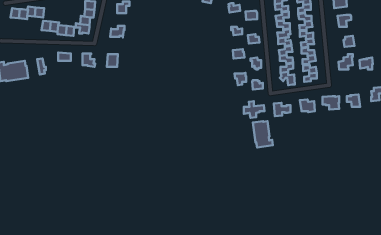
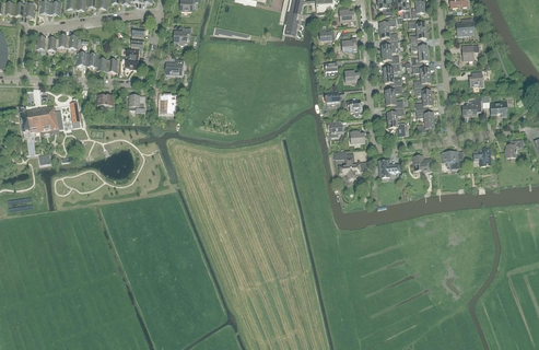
building: [253,121,273,148] -> none

